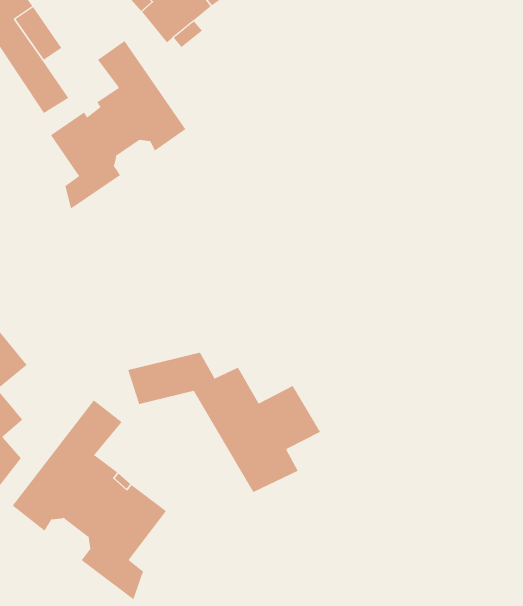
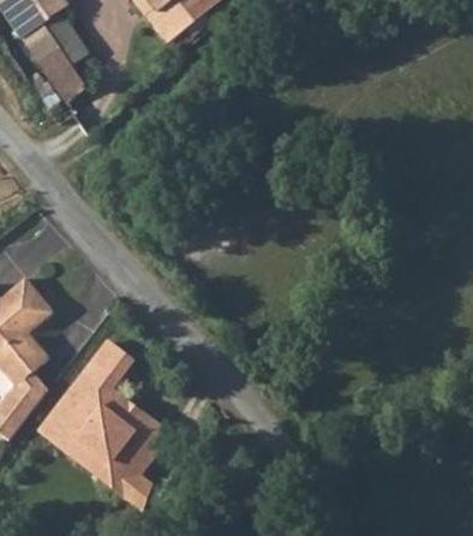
building: [50,40,186,210] -> none
building: [127,352,321,493] -> none

